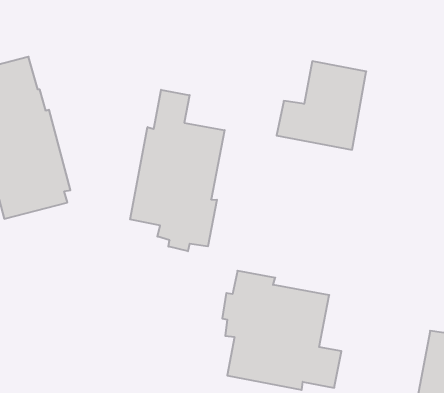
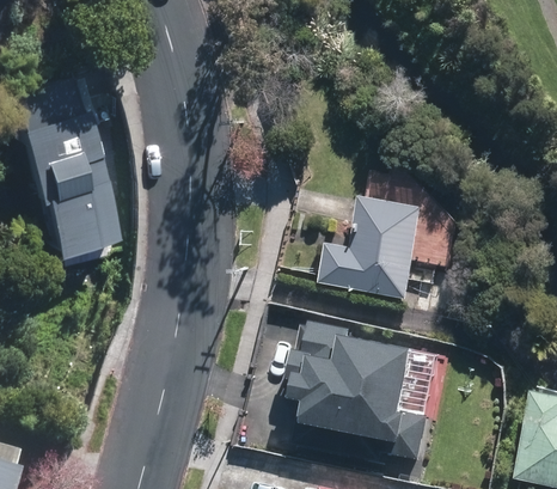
building: [277,61,366,150] -> [324,197,429,301]
building: [130,90,225,251] -> none

